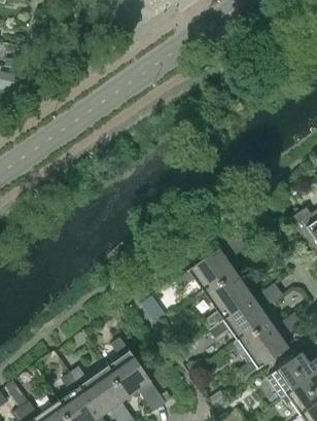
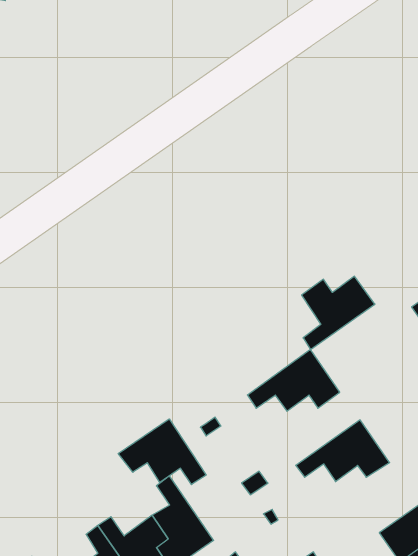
building: [203,278,254,329] -> [302,276,375,350]
building: none -> [118,419,206,485]
building: [234,327,289,379] -> none

